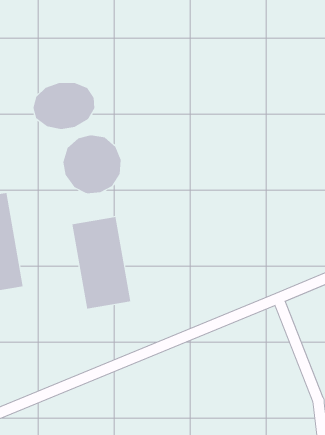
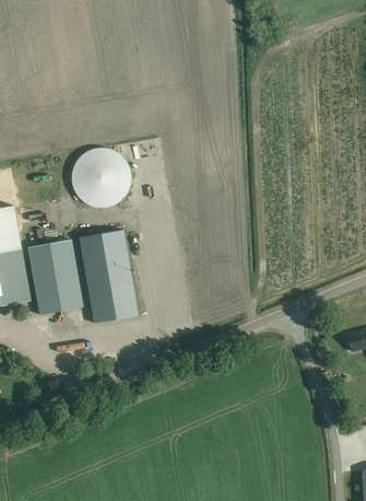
building: [33,82,95,130] -> none
building: none -> [29,242,85,317]

